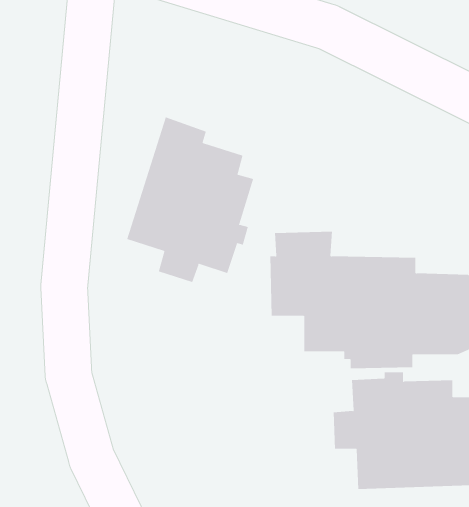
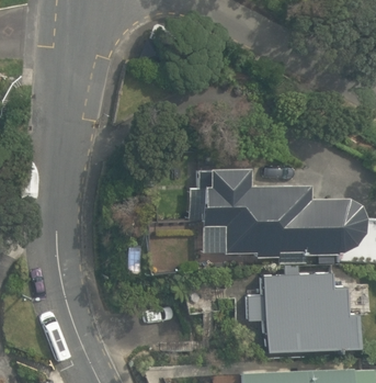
building: [127,117,254,283] -> none

